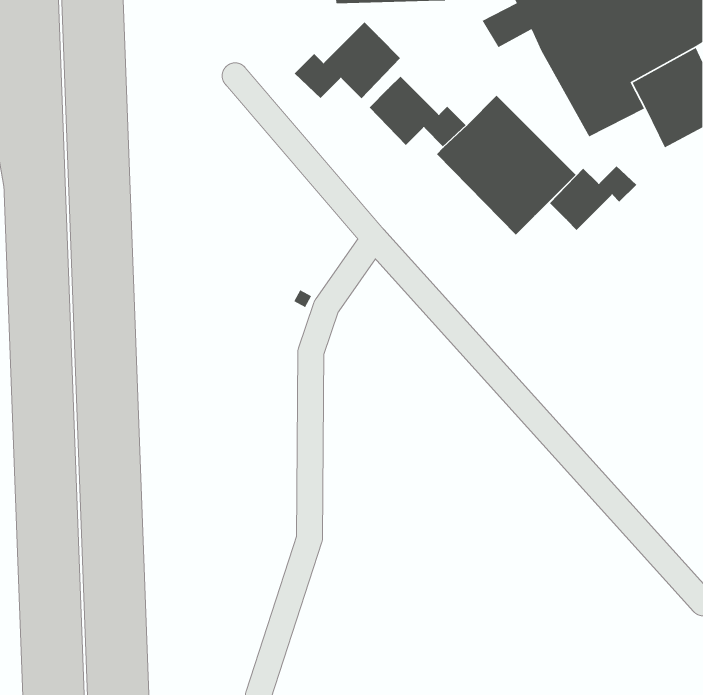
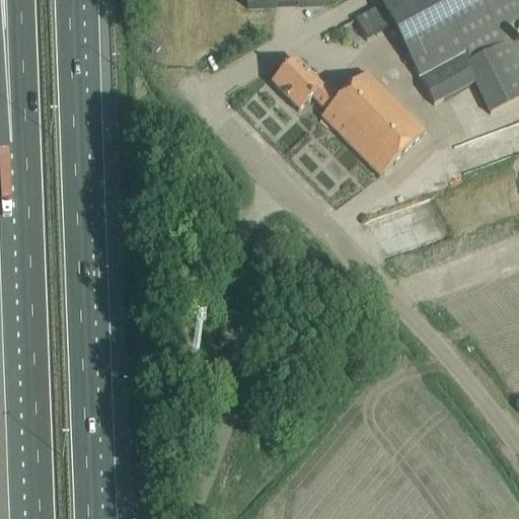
building: [294,22,401,99] -> none
building: [549,166,637,231] -> none

